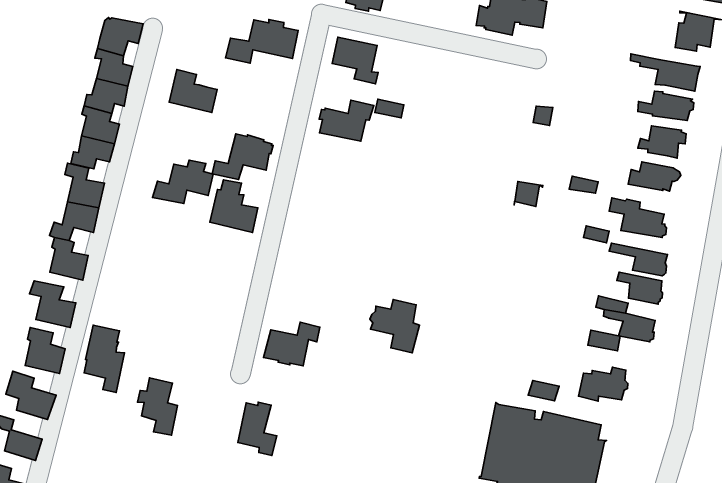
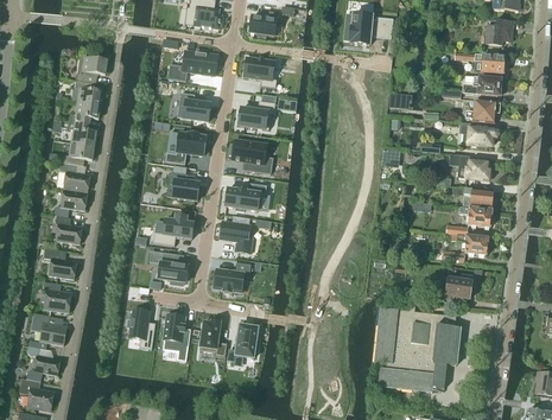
building: [169,69,217,113] -> [177,93,210,121]
building: none -> [229,139,273,173]
building: [153,160,213,203] -> [152,215,193,246]
building: none -> [224,183,266,211]
building: [370,299,420,353] -> [218,216,254,253]
building: none -> [158,253,188,285]
building: [84,325,124,392] -> [163,314,190,361]
building: none -> [228,324,258,361]

